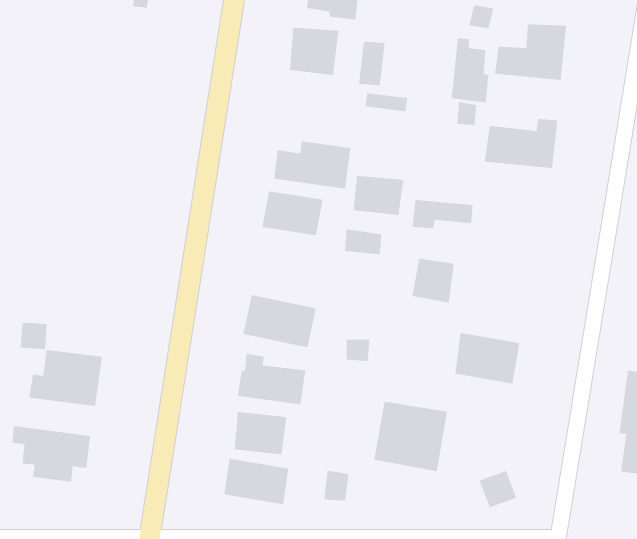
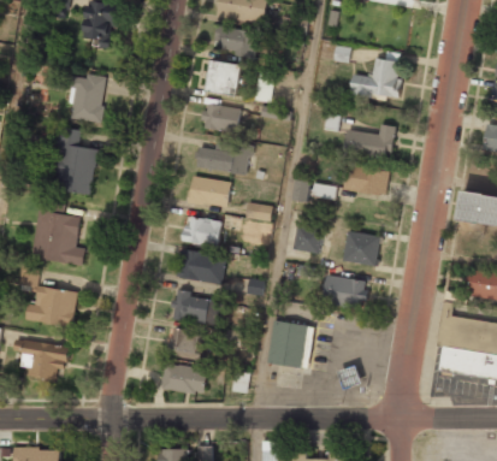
building: [451,38,489,103] -> none
building: none -> [67,73,106,123]
building: none -> [202,104,239,132]
building: none -> [51,128,96,195]
building: none -> [343,164,390,196]
building: [353,175,404,216] -> none
building: none -> [31,201,84,264]
building: none -> [183,217,221,246]
building: none -> [342,230,380,266]

